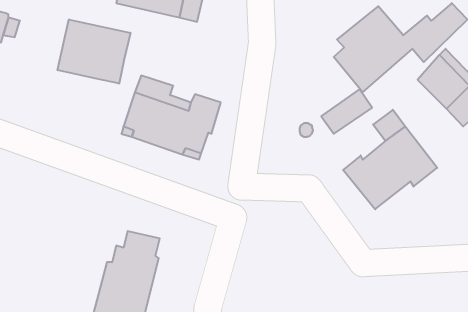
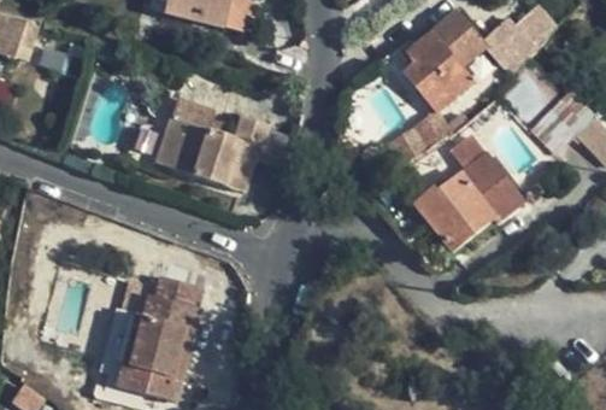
building: [58,19,130,84] -> none

